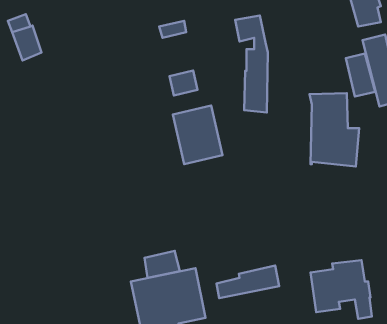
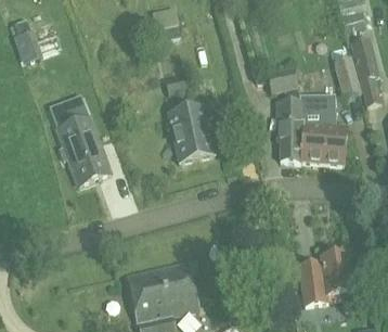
building: [235,15,268,112] -> [269,68,300,162]
building: none -> [46,97,111,184]
building: [144,251,180,278] -> none
building: [217,265,279,298] -> none

